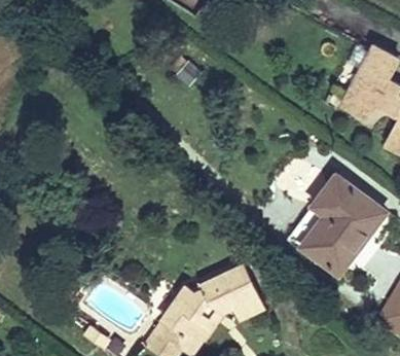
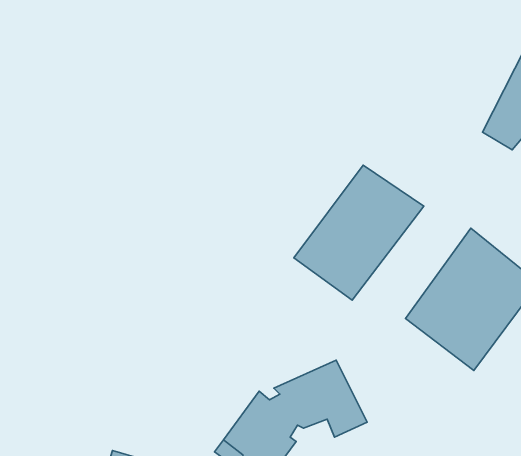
building: none -> [294,165,424,300]

